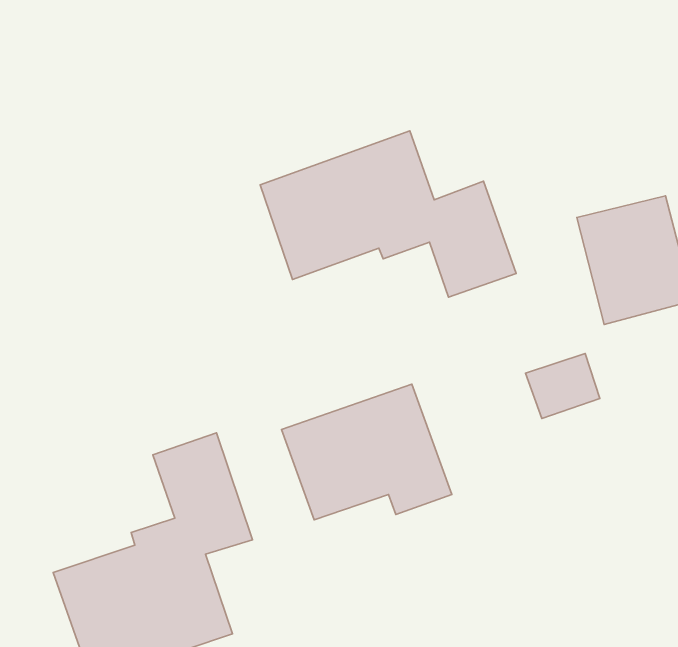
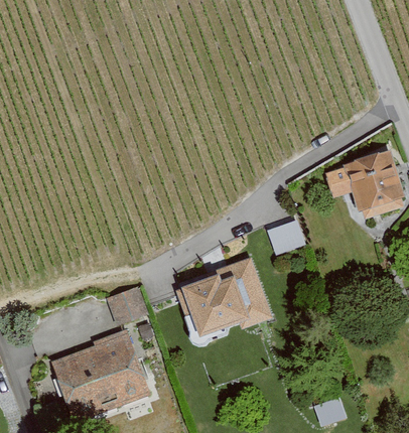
building: [260,131,516,297] -> none
building: [525,353,600,419] -> [268,219,309,255]

